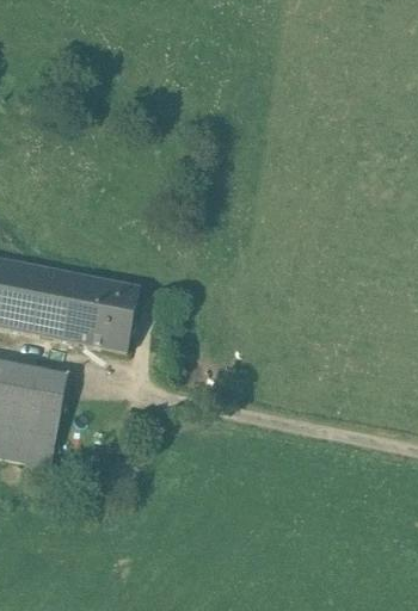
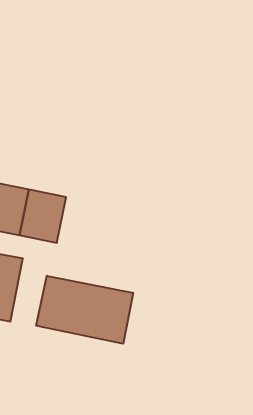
building: none -> [36,276,133,344]

